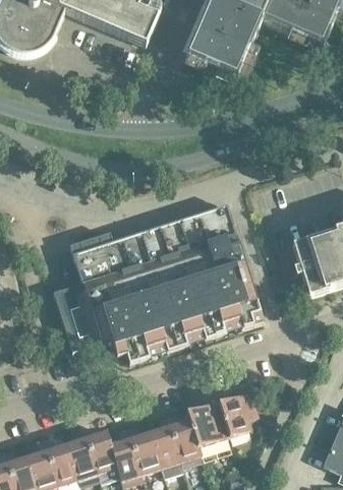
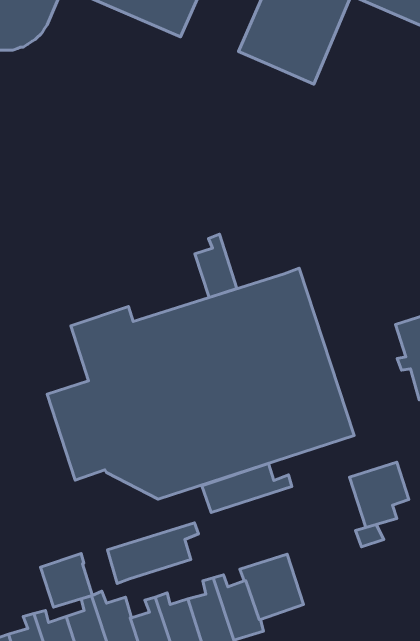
building: none -> [195,234,237,298]
building: none -> [202,463,292,513]
building: none -> [107,523,199,583]
building: [218,391,259,436] -> [349,462,409,528]
building: none -> [40,553,92,607]

